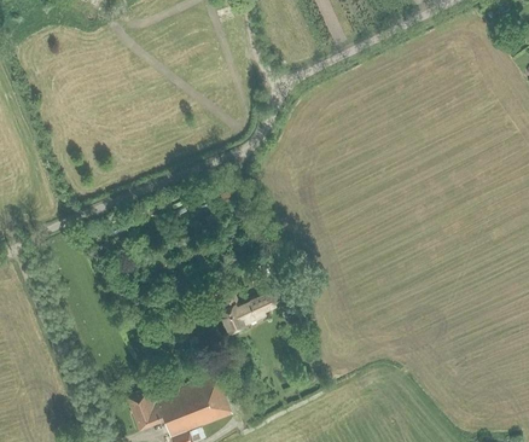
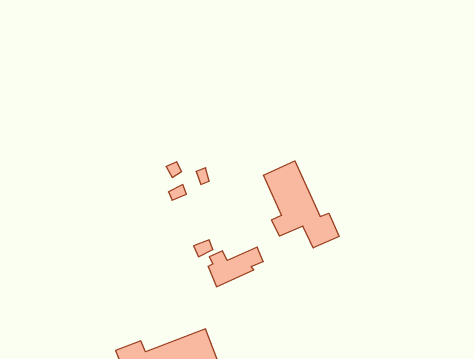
building: none -> [264,161,339,248]

